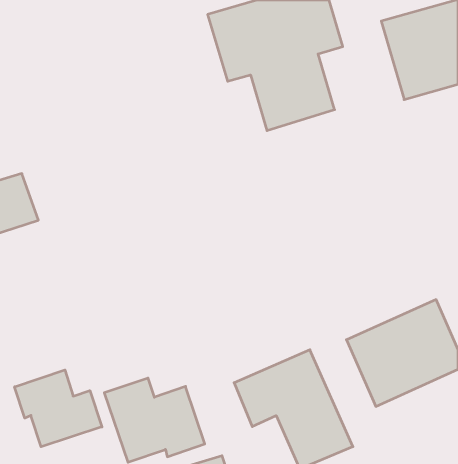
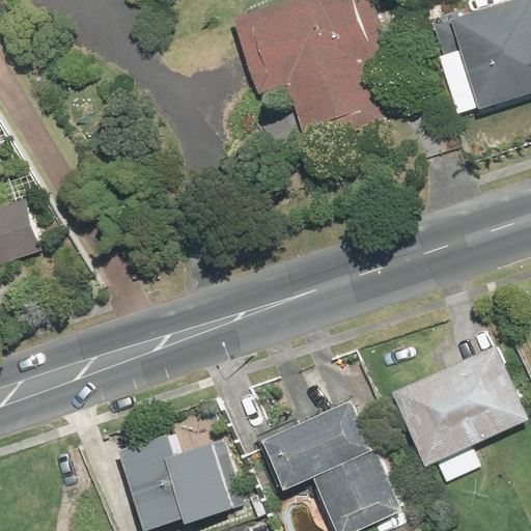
building: [15,370,102,447] -> none

